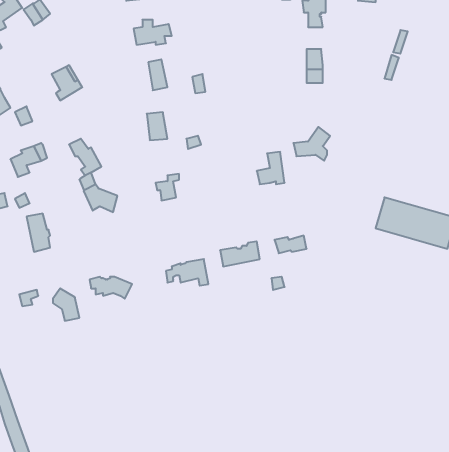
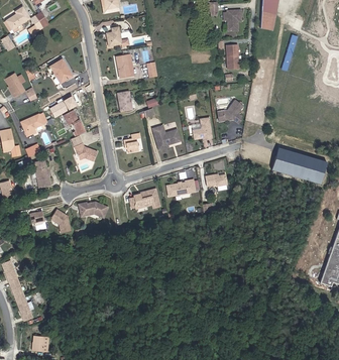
building: none -> [152,125,180,150]

